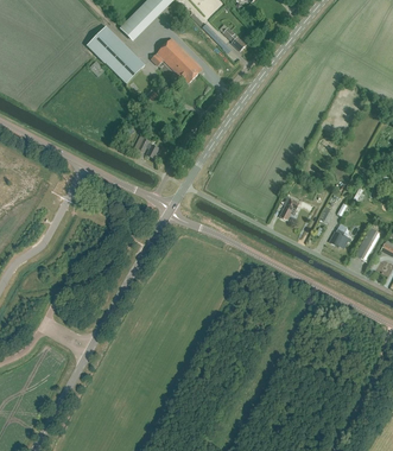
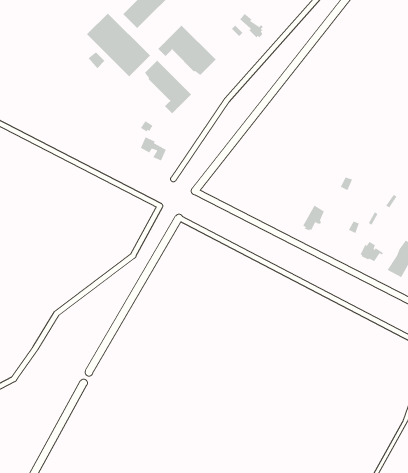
building: none -> [144,60,192,114]

